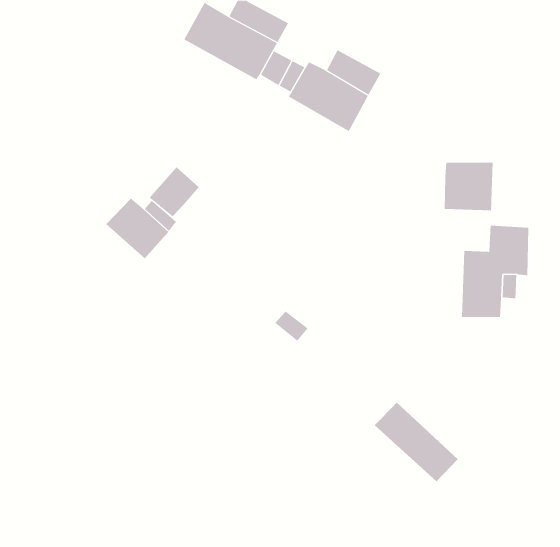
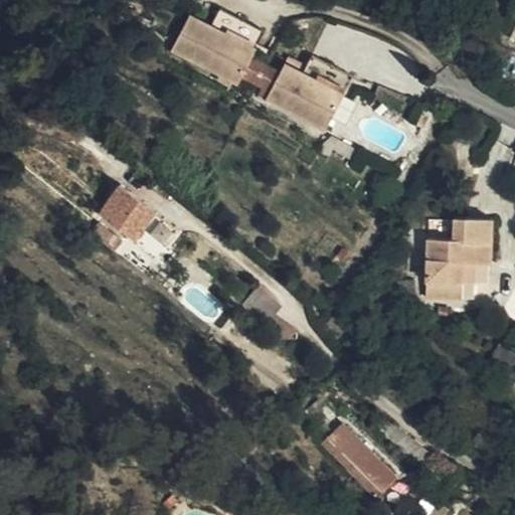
building: [444,162,493,211] -> none
building: [149,167,199,217] -> none
building: [374,402,458,482] -> [324,421,401,495]

